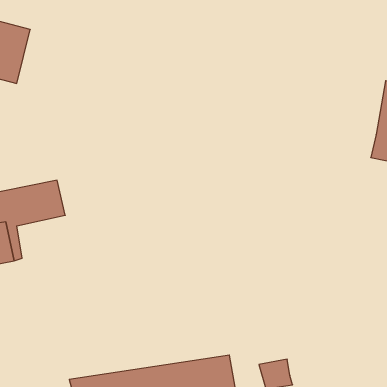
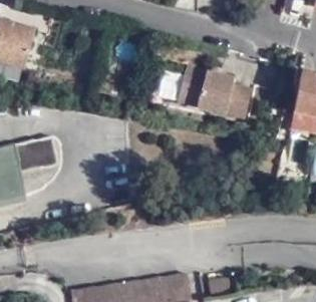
building: none -> [177,64,252,118]

